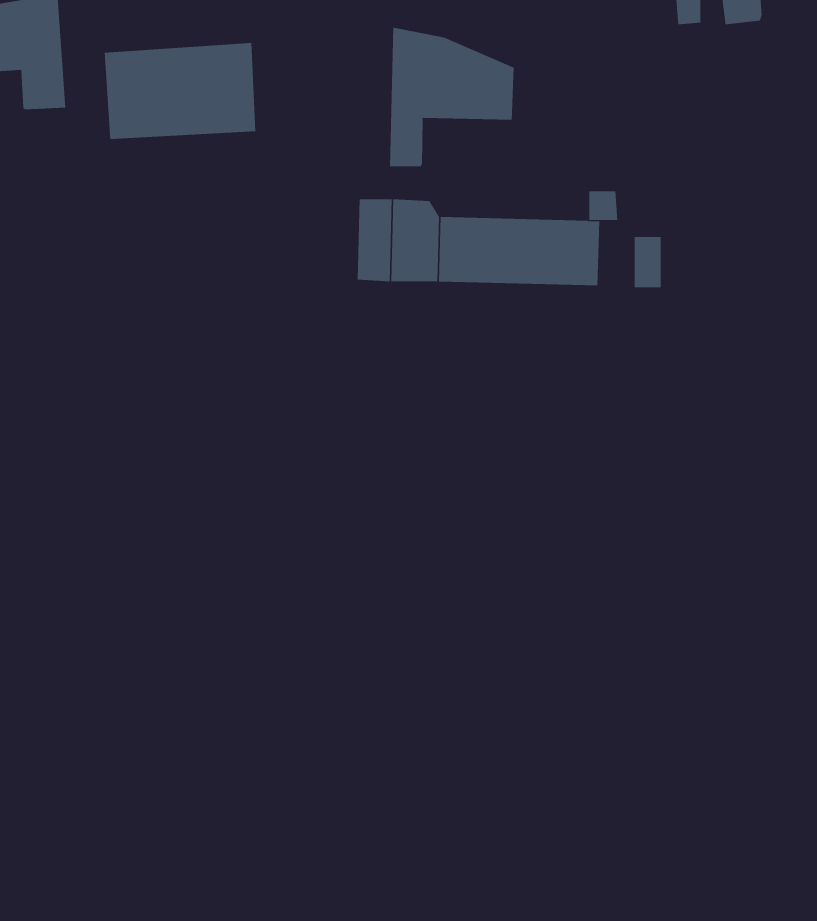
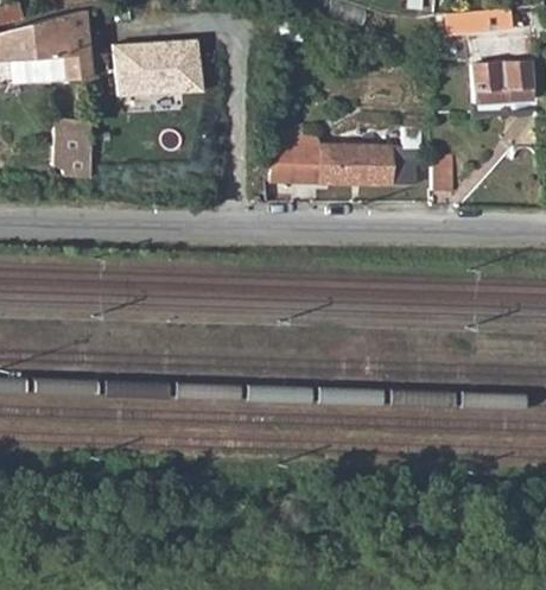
building: [389,27,514,167] -> none
building: none -> [471,62,531,102]
building: none -> [63,133,89,179]

